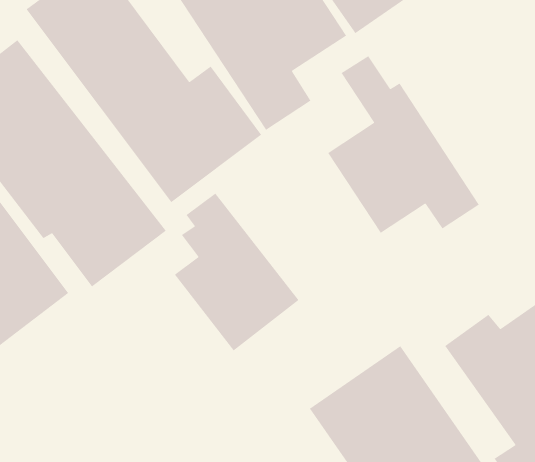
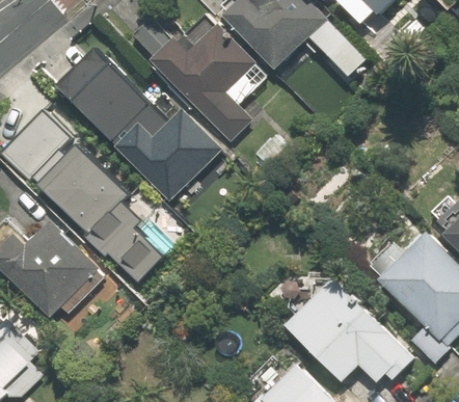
building: [327,55,480,234] -> none
building: [174,192,300,352] -> none

